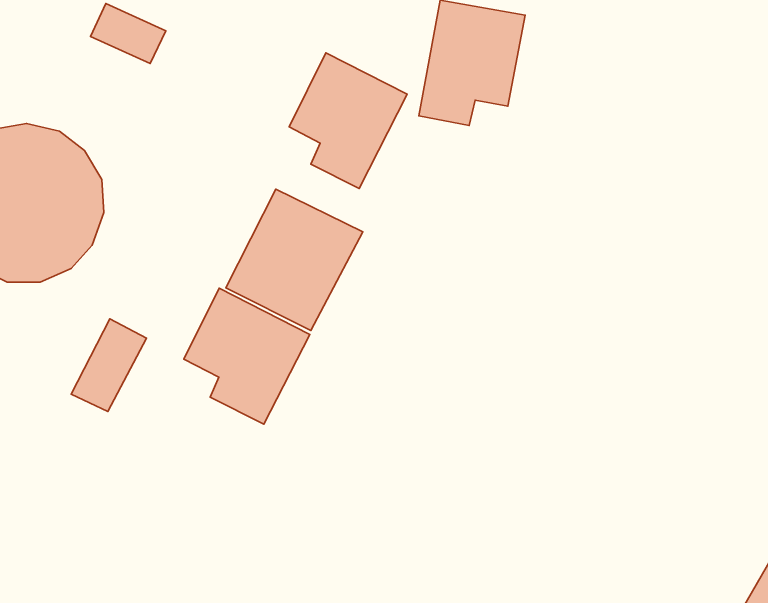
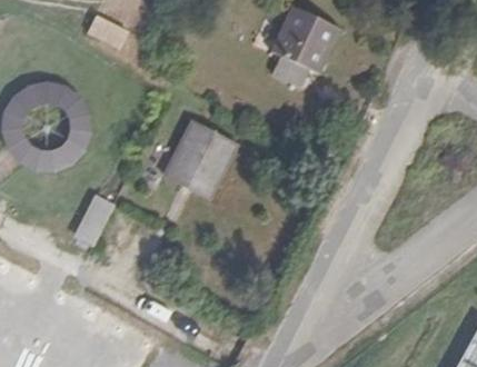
building: [289,53,407,188] -> none
building: [184,288,310,424] -> none

